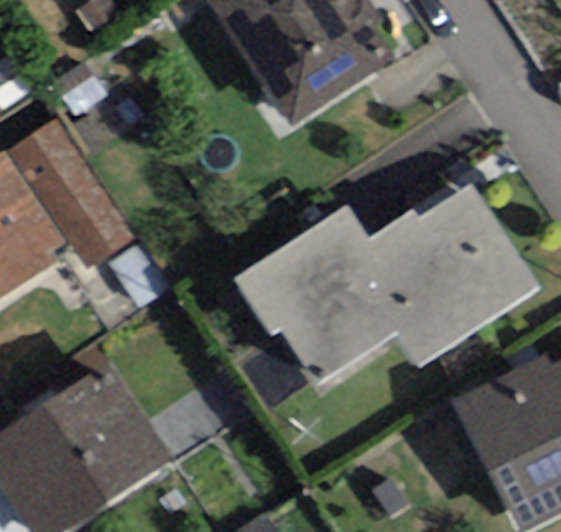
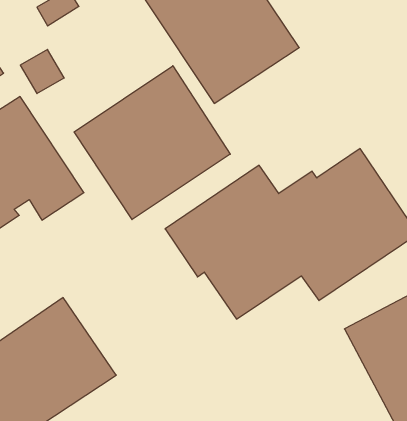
building: none -> [74,66,230,220]

